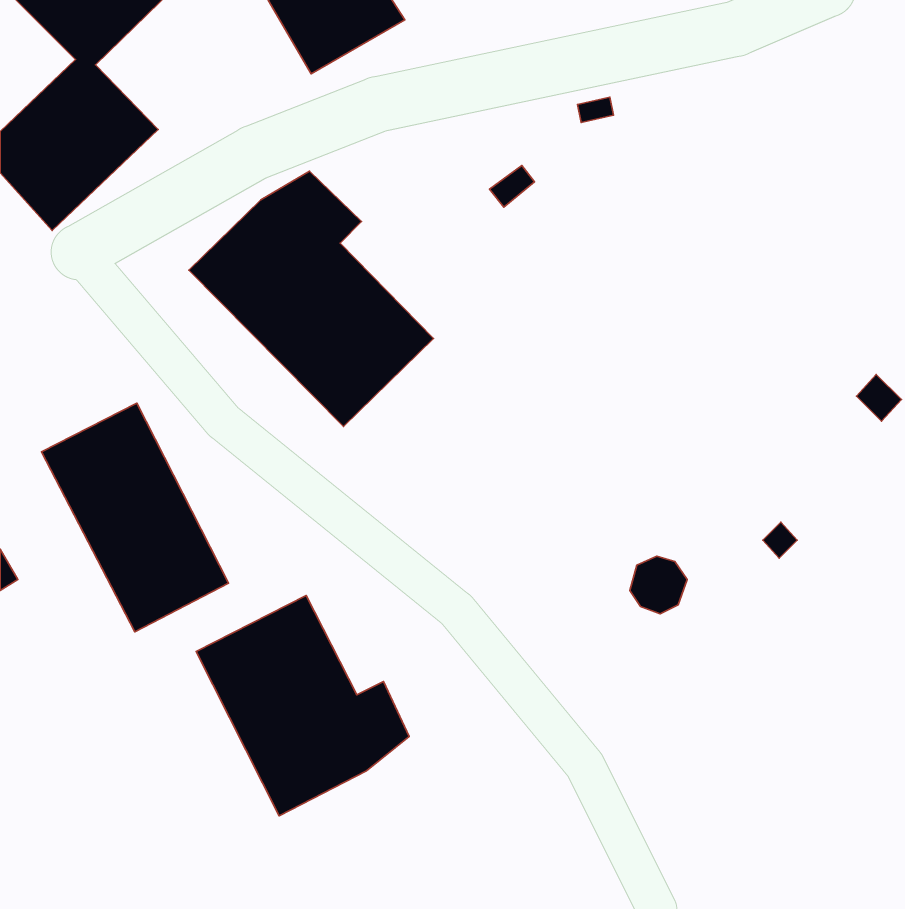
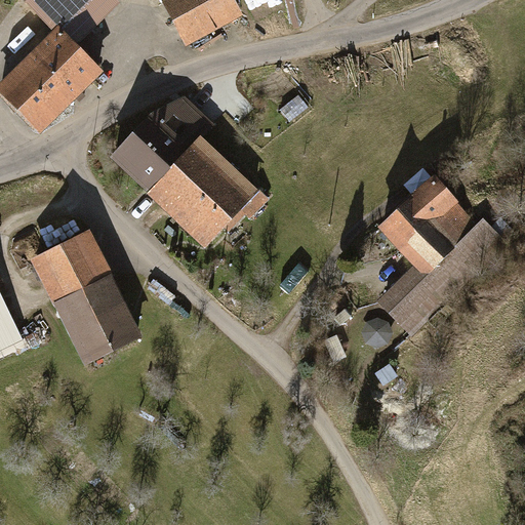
building: none -> [380,176,500,330]
building: [196,595,409,816] -> none

